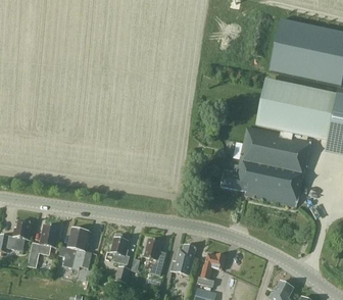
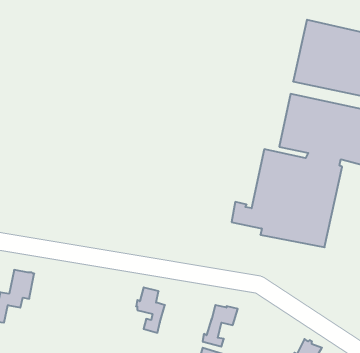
building: [58,228,91,268] -> none
building: [109,234,130,288] -> none
building: [169,245,195,274] -> none

